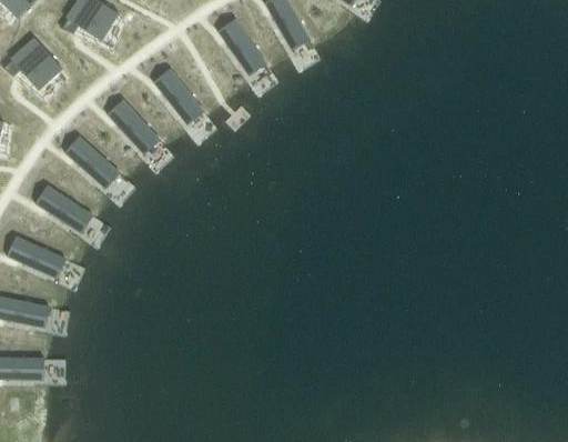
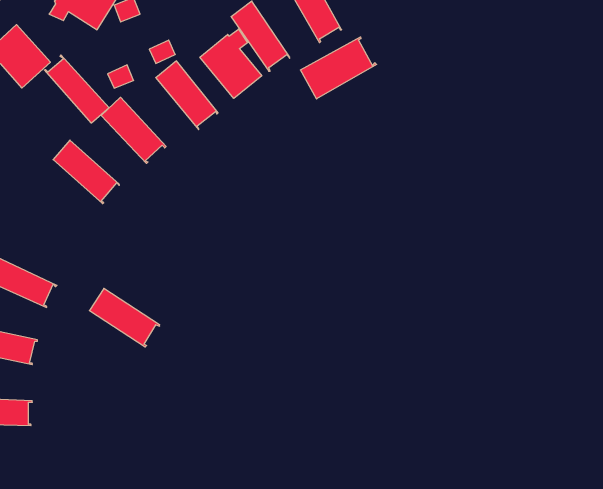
building: none -> [200,29,262,98]
building: none -> [300,37,377,99]
building: none -> [44,55,109,123]
building: [36,184,95,234] -> [89,288,160,347]

